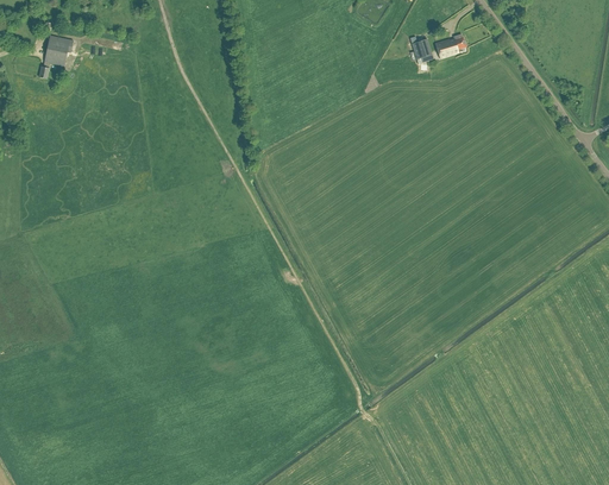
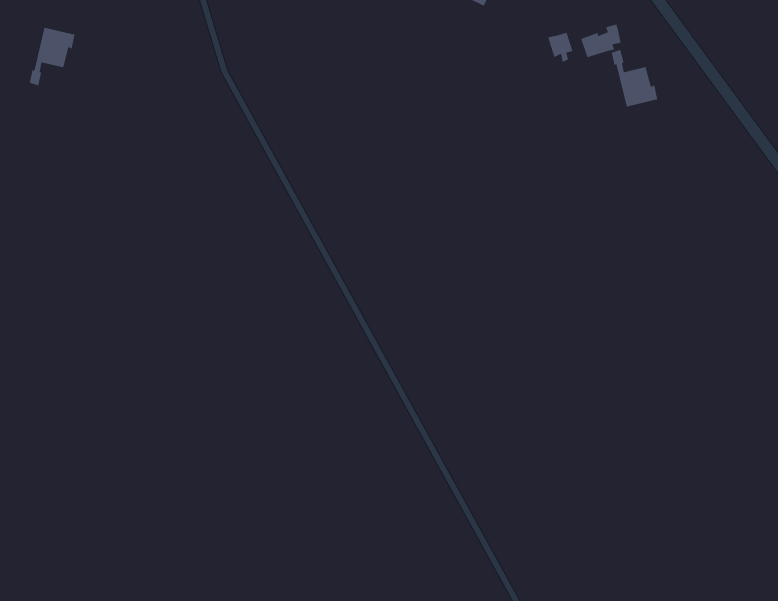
building: none -> [611,49,658,108]

